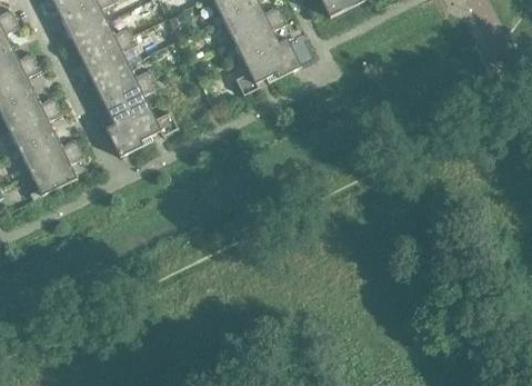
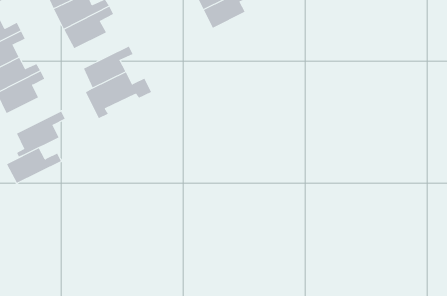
building: [229,37,301,95] -> none
building: [92,63,152,102] -> none
building: [19,133,79,172] -> [6,148,62,184]

